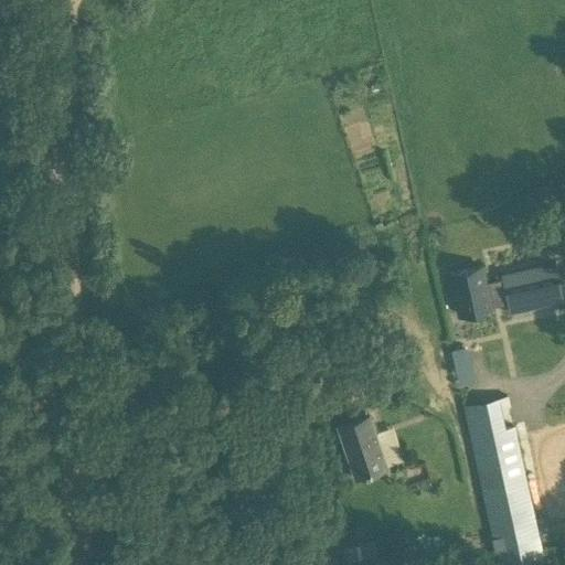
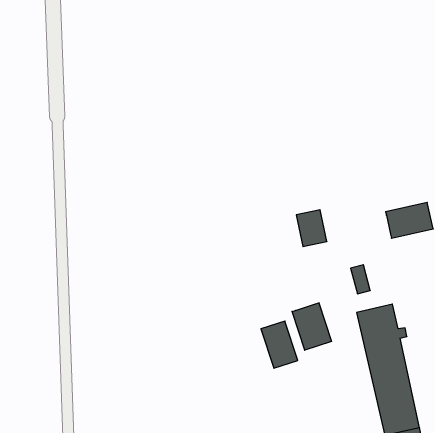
building: [450,270,490,318] -> [296,210,327,247]
building: none -> [292,303,331,350]

